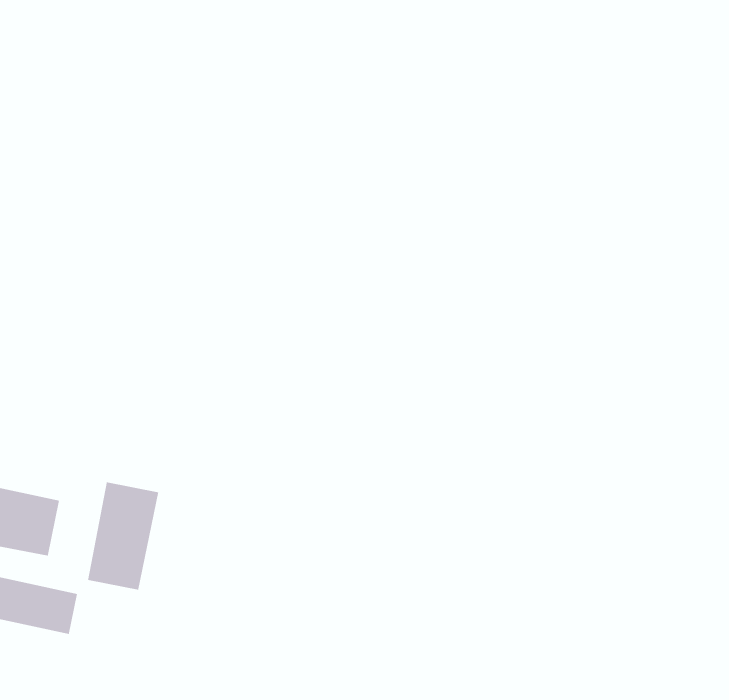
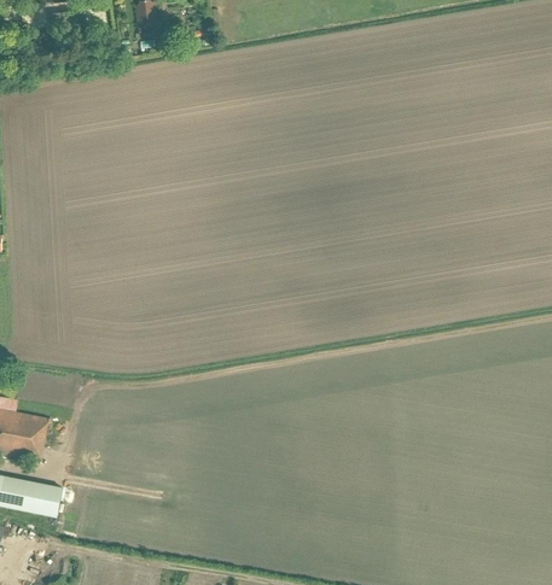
building: [88,482,159,590] -> none

